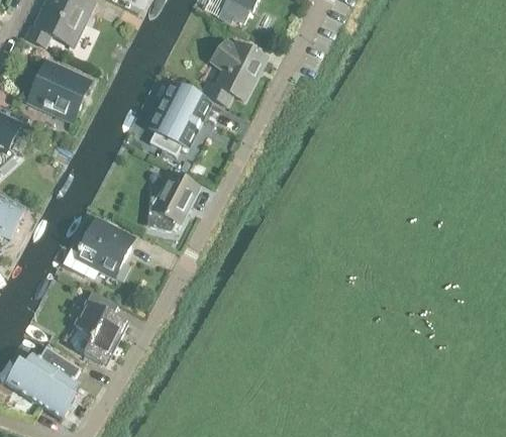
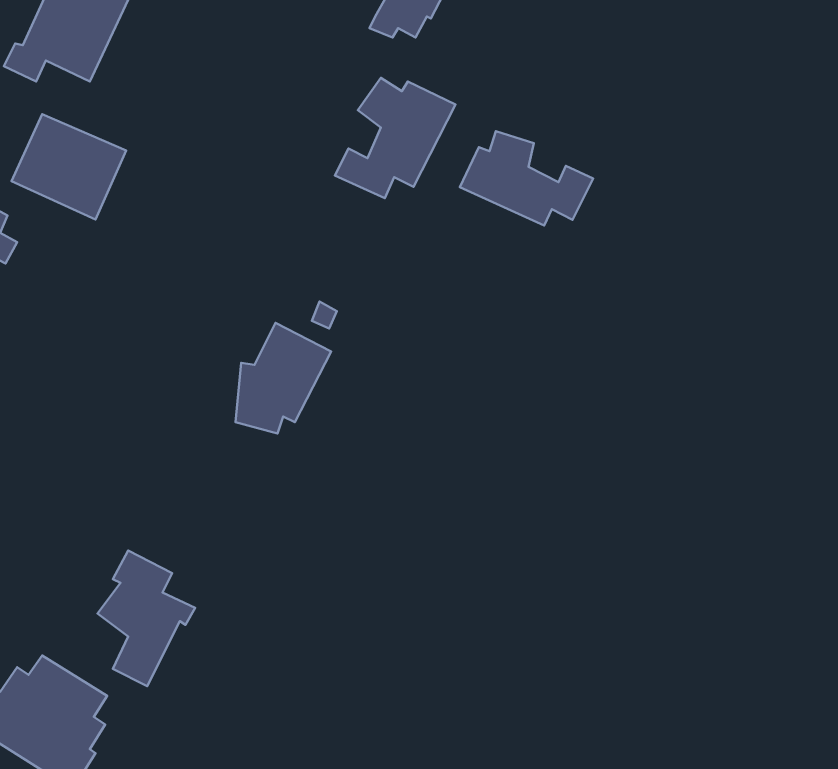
building: none -> [460,131,593,226]
building: [148,85,208,155] -> none
building: [76,217,129,276] -> none

